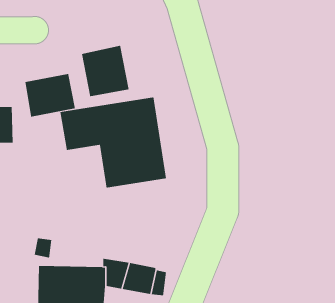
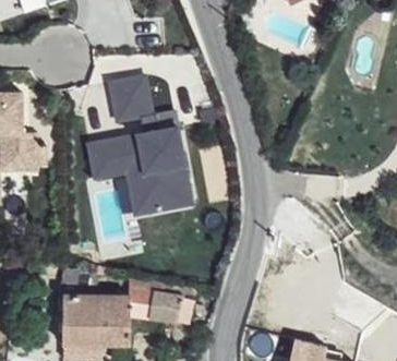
building: [25,73,76,118] -> none

